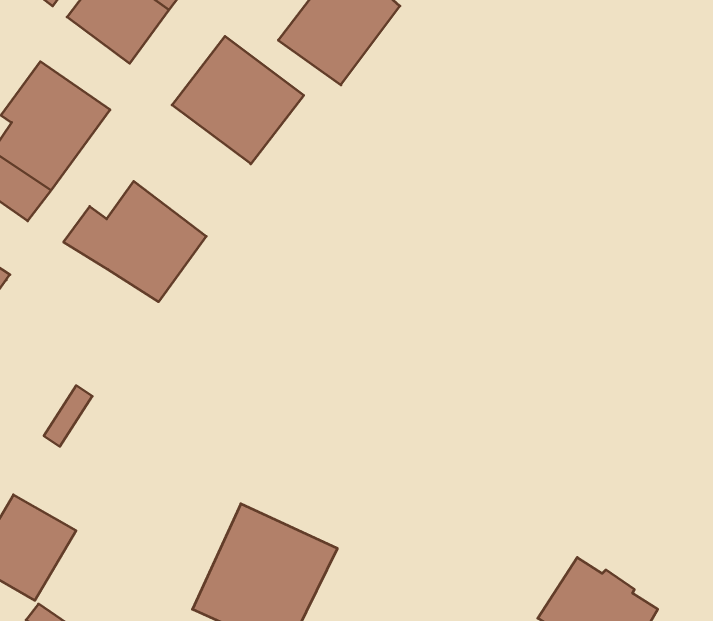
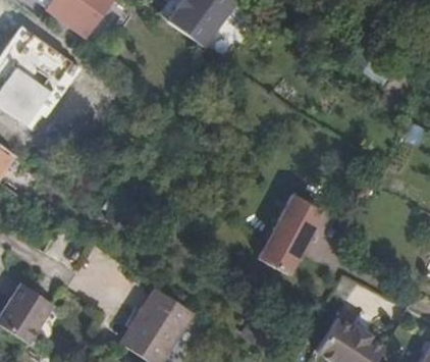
building: [172,36,304,164] -> none
building: [64,181,206,302] -> none
building: none -> [259,196,324,277]

